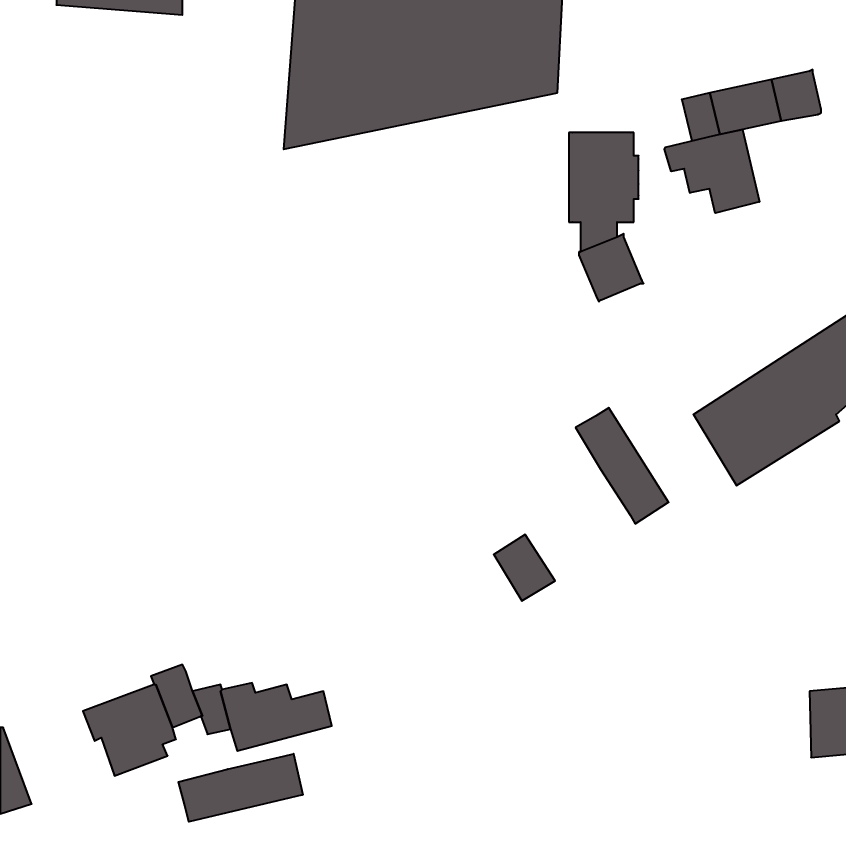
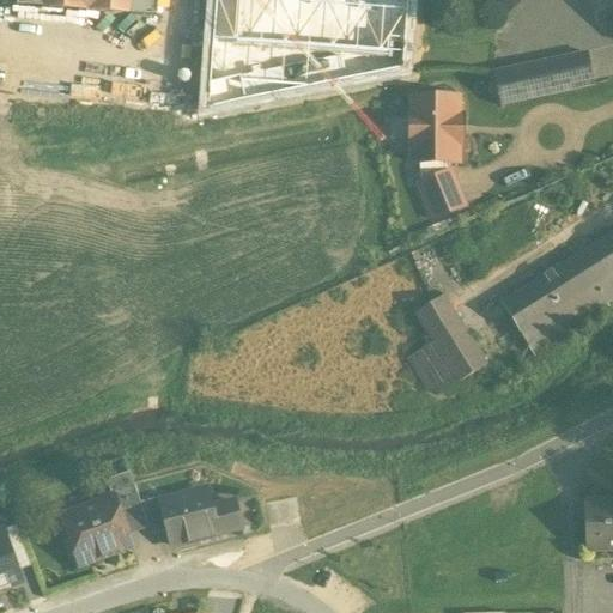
building: [664,130,759,213] -> none
building: [494,535,555,601] -> [412,339,456,387]
building: [178,754,303,822] -> none

